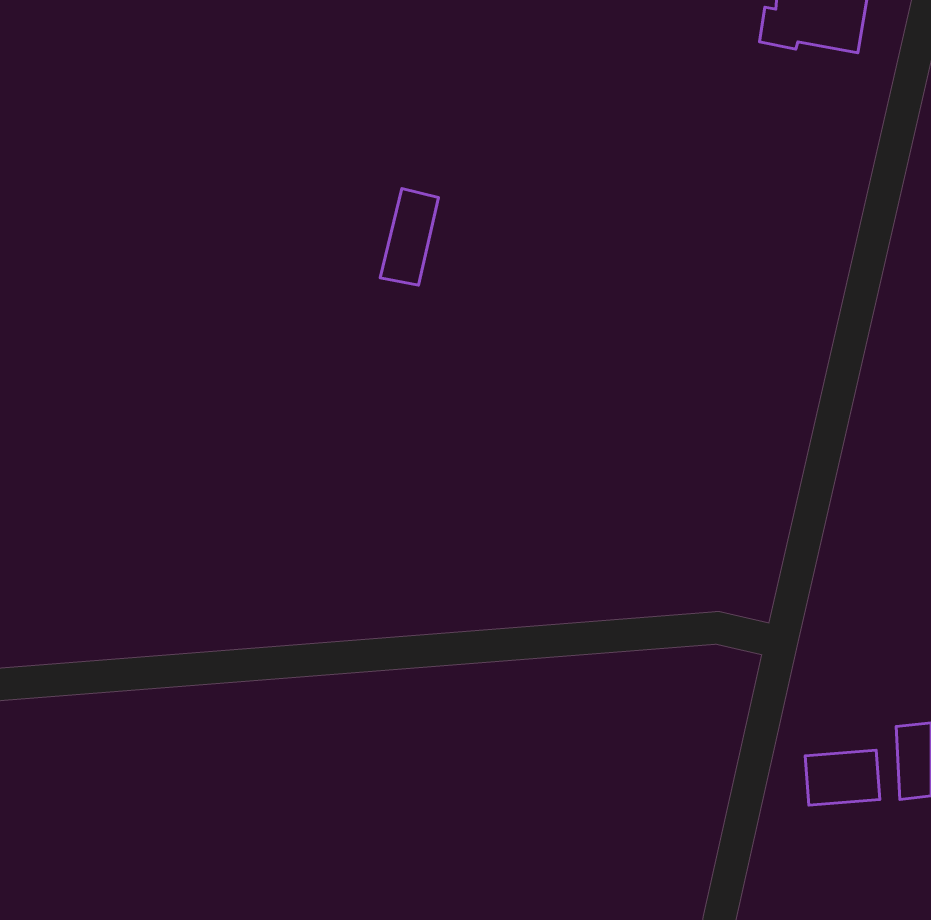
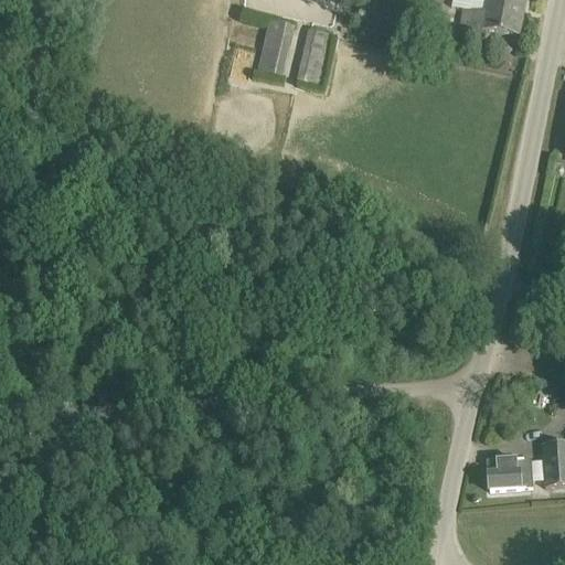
building: none -> [299,25,333,82]
building: [380,188,438,285] -> [256,17,291,75]

